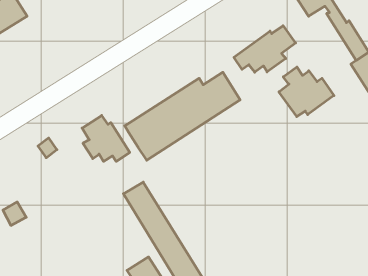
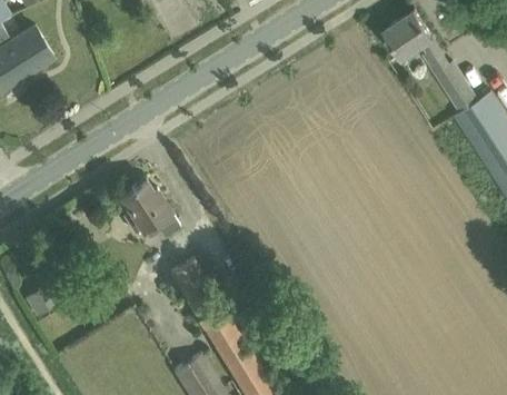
building: [234,26,296,72] -> none
building: [279,67,334,117] -> none
building: [125,72,240,160] -> none

